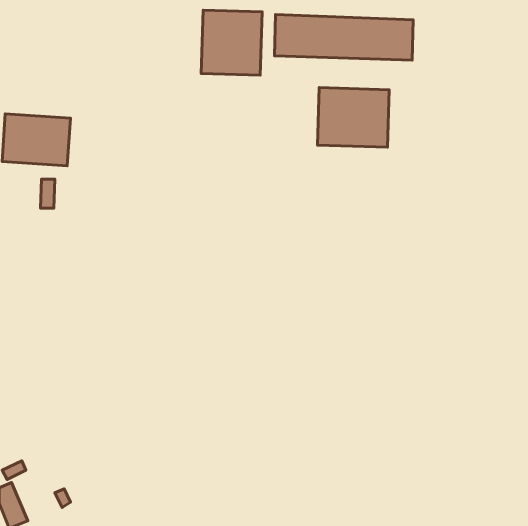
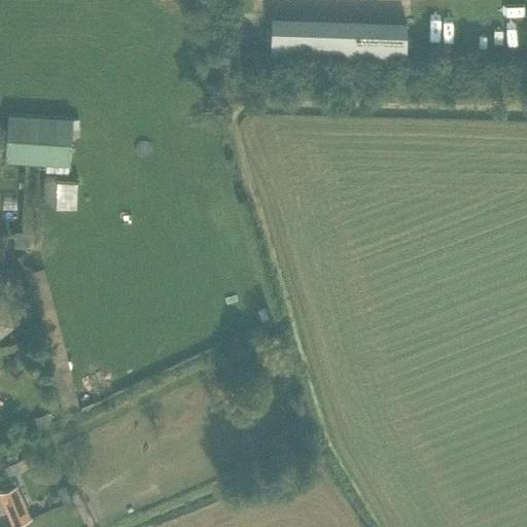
building: [201,10,262,75] -> none
building: [317,88,389,147] -> none

